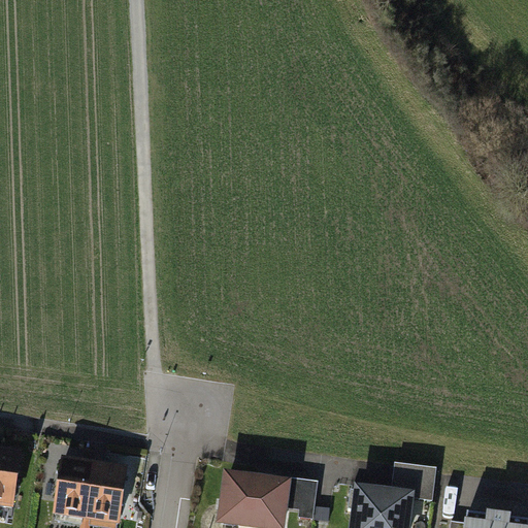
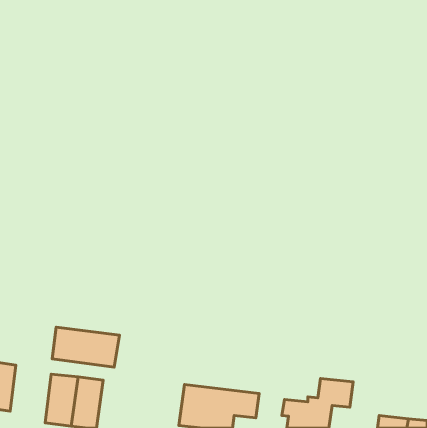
building: none -> [52,327,120,367]

